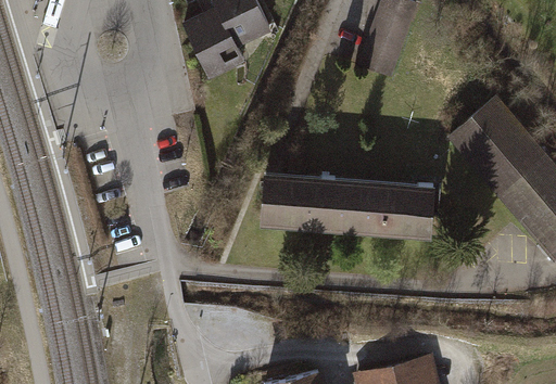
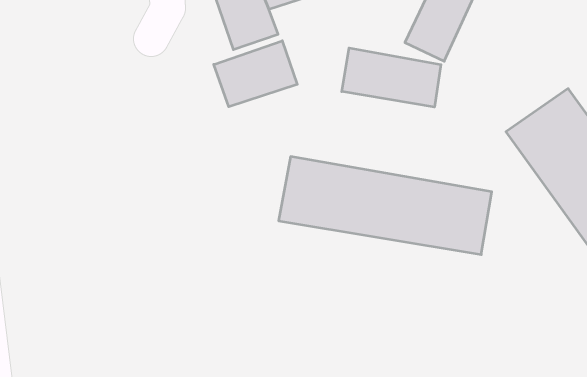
building: none -> [214,41,297,107]
building: none -> [342,48,441,107]

